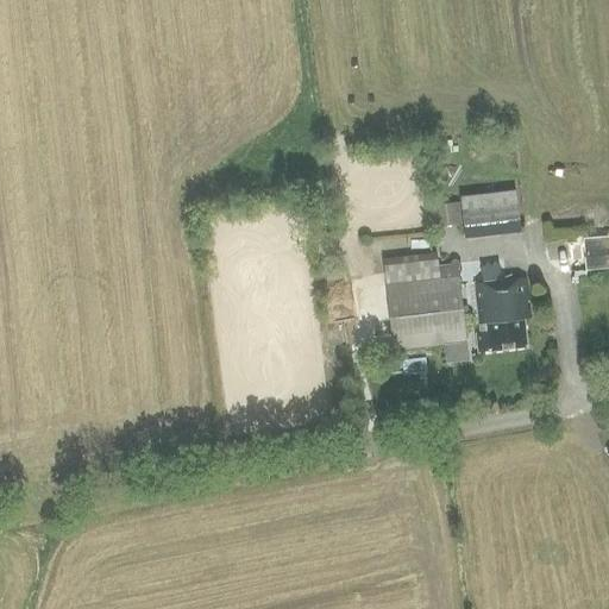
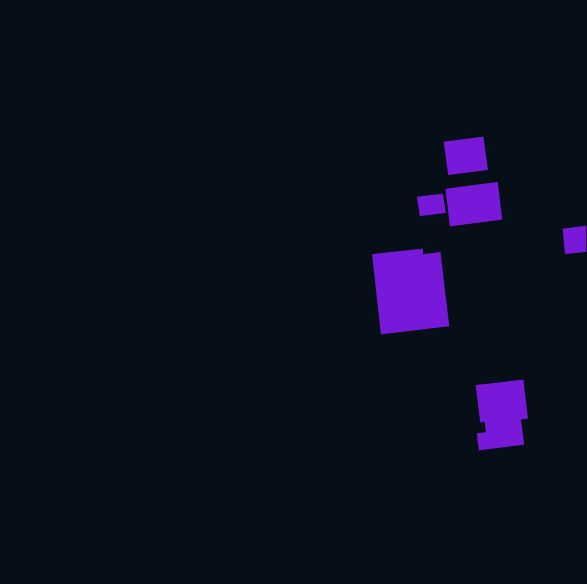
building: none -> [443,136,489,176]
building: [475,274,530,349] -> [475,379,529,451]

